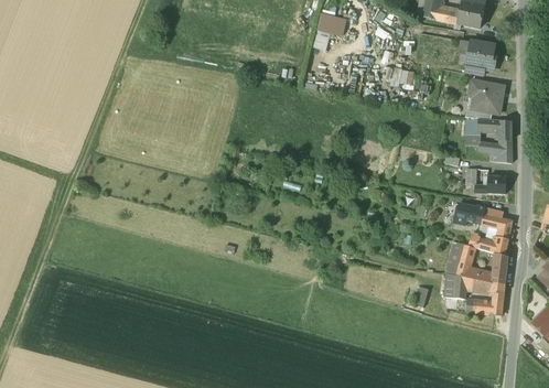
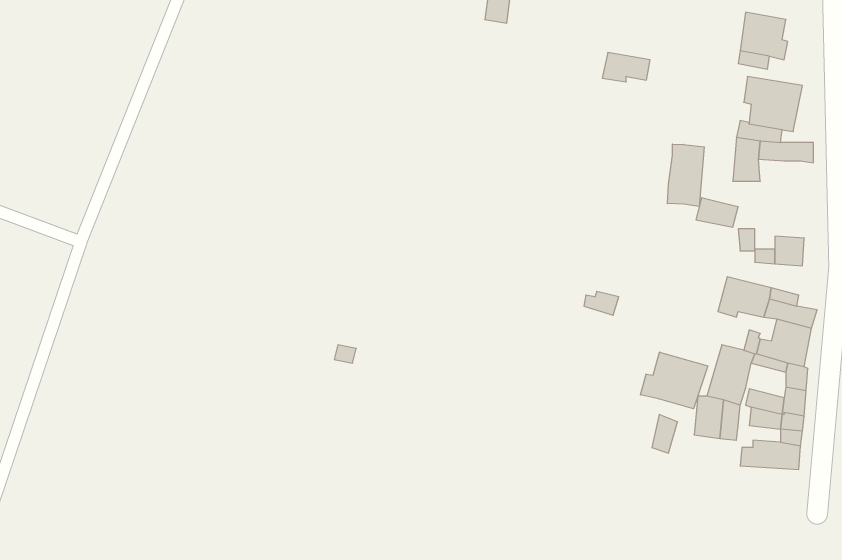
building: none -> [667,144,704,206]
building: [478,130,512,161] -> none
building: none -> [640,352,708,409]

